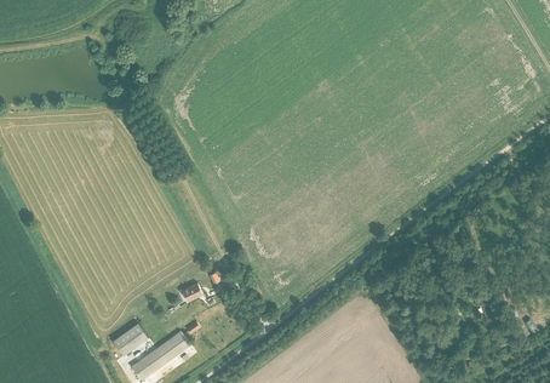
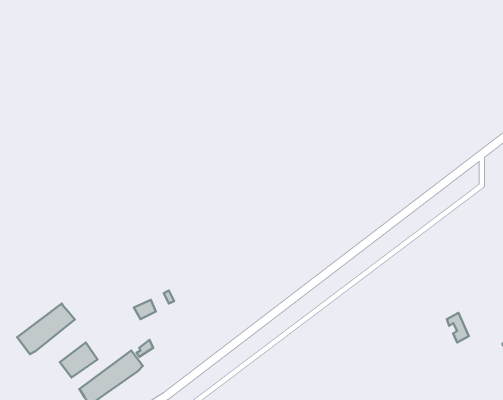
building: none -> [17,304,75,354]

